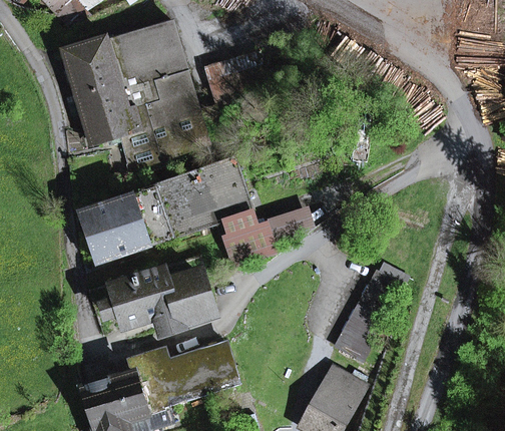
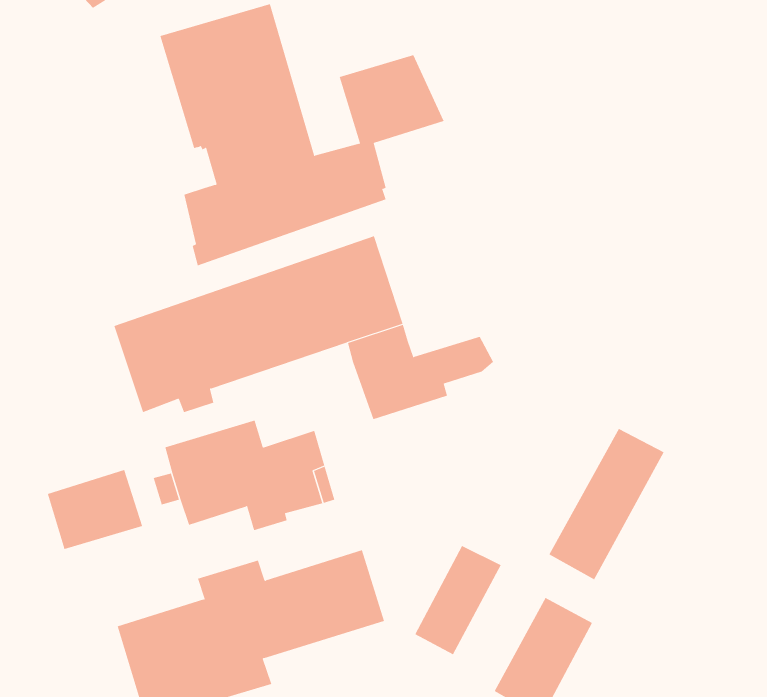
building: [60,34,130,141] -> none
building: none -> [47,469,143,550]
building: none -> [415,545,502,655]

